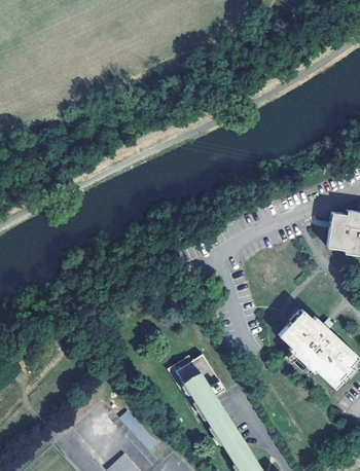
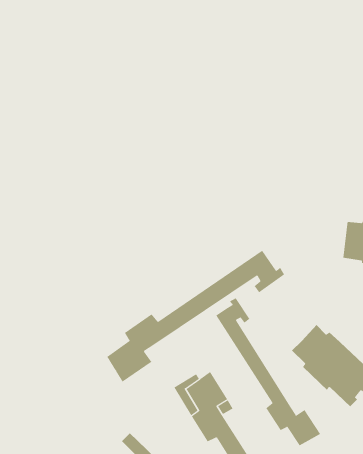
building: none -> [107,250,285,383]
building: none -> [215,297,321,446]

